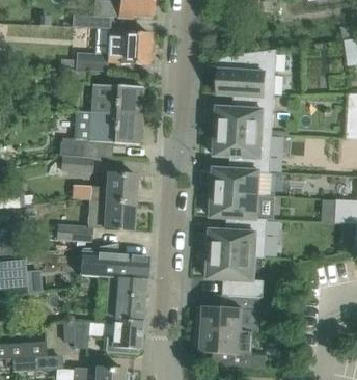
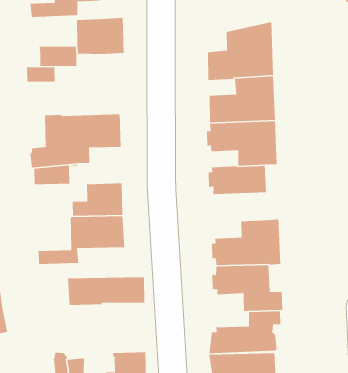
building: [91,82,143,114] -> none
building: [208,191,259,217] -> none
building: [106,275,146,322] -> none

